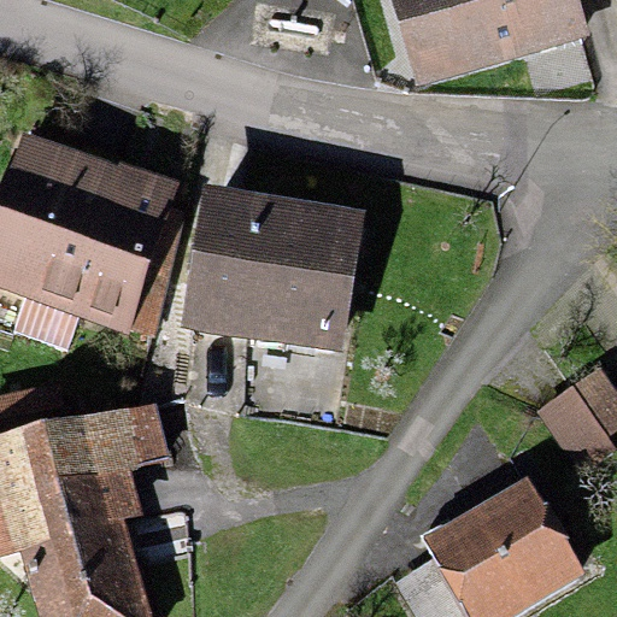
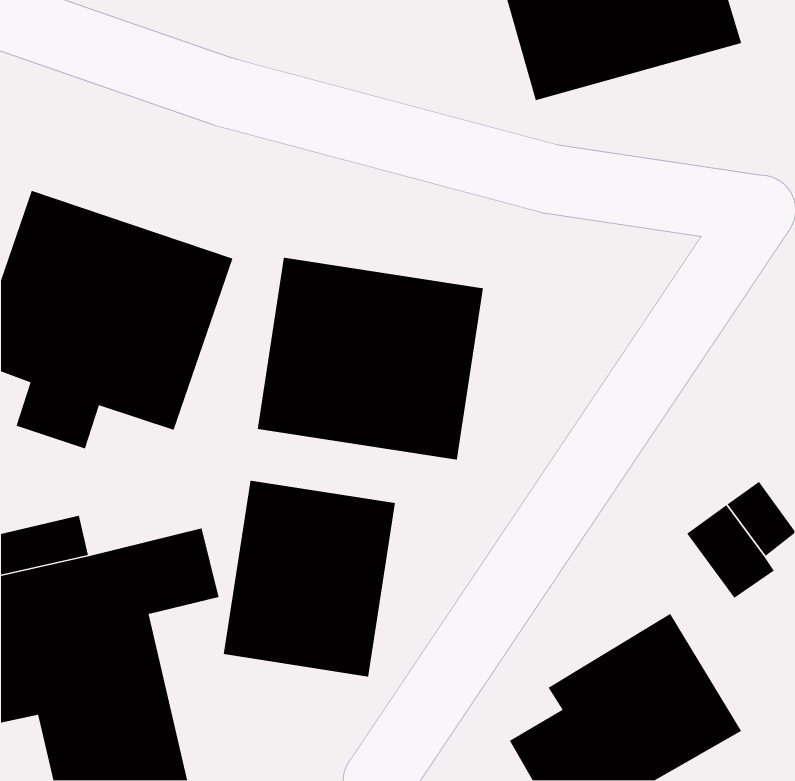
building: none -> [223,480,396,677]

